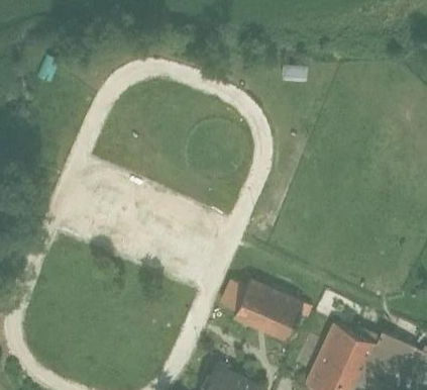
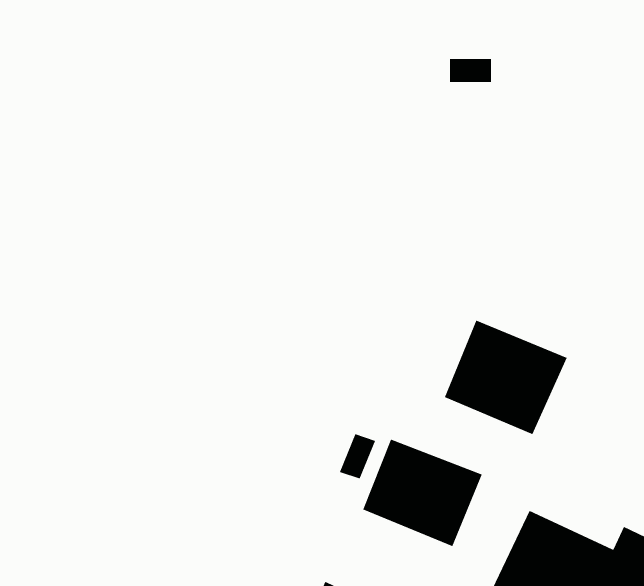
building: none -> [444,320,568,435]

